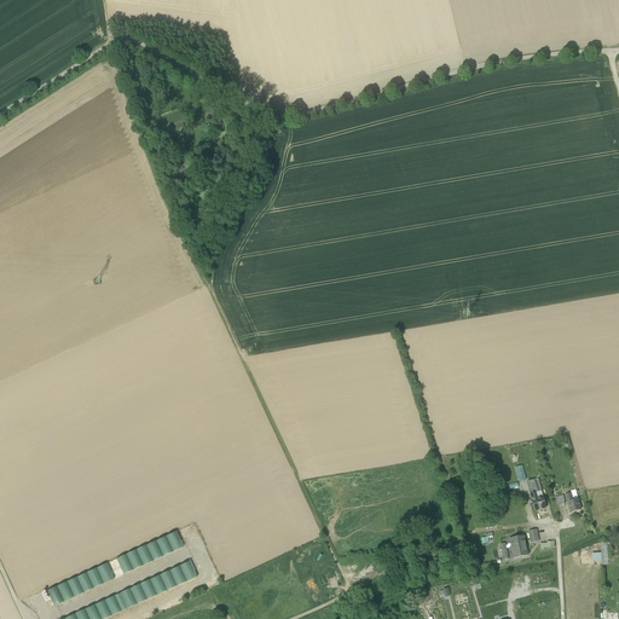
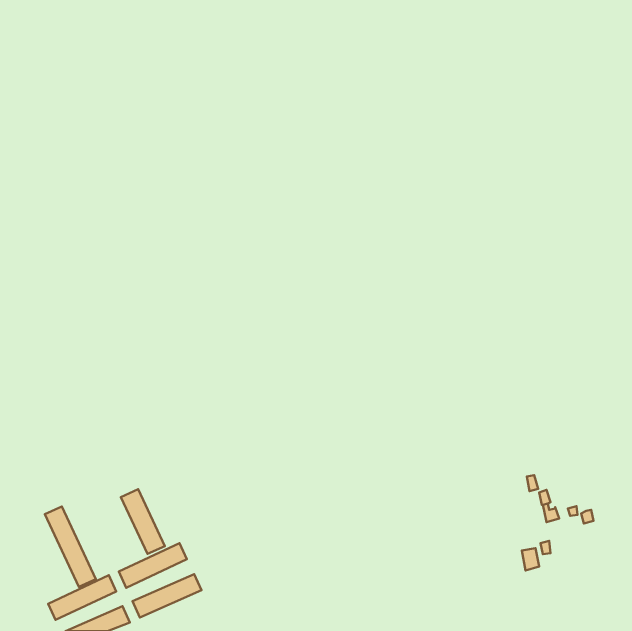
building: none -> [121,489,165,554]
building: none -> [45,507,96,587]

